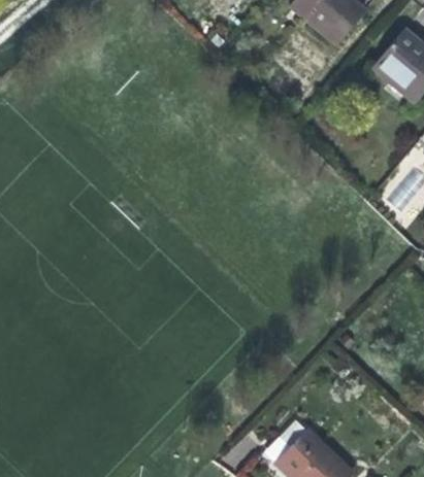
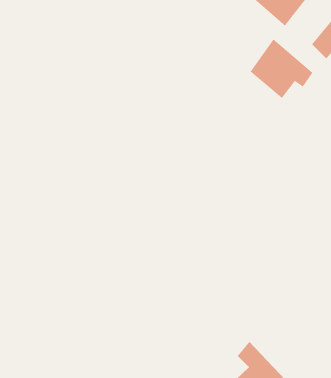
building: none -> [250,39,313,99]

